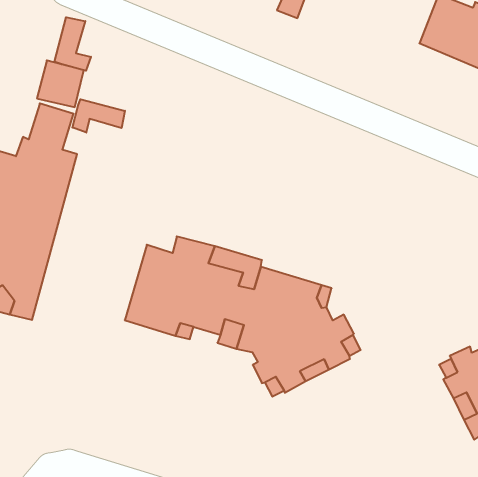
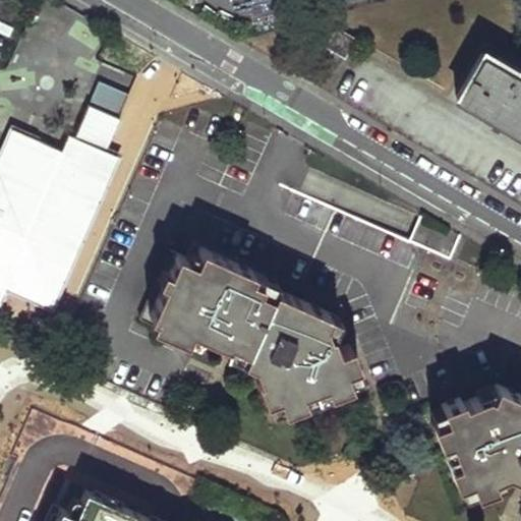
building: [55,17,91,71] -> none
building: [72,99,125,133] -> none

